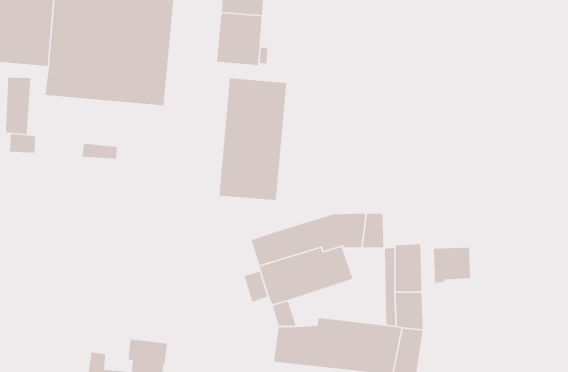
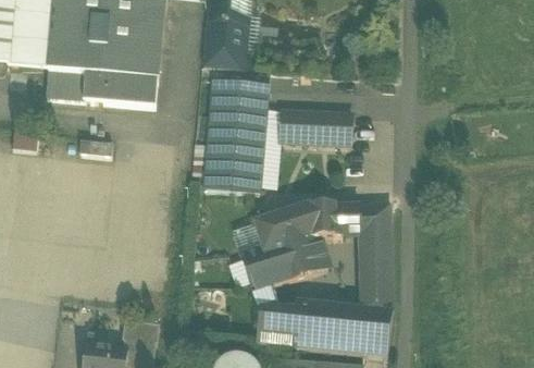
building: [5,77,31,135] -> none
building: none -> [280,109,351,144]
building: [433,247,471,284] -> [356,203,390,236]

